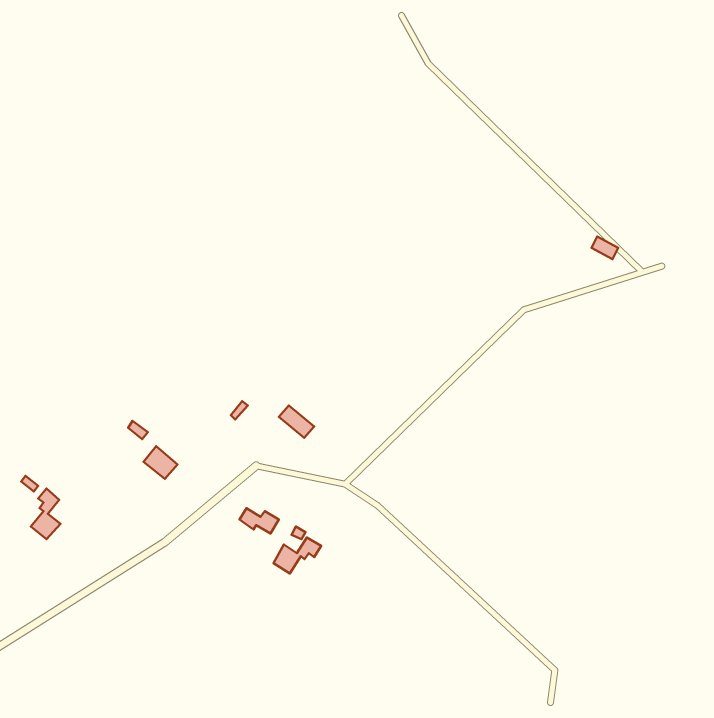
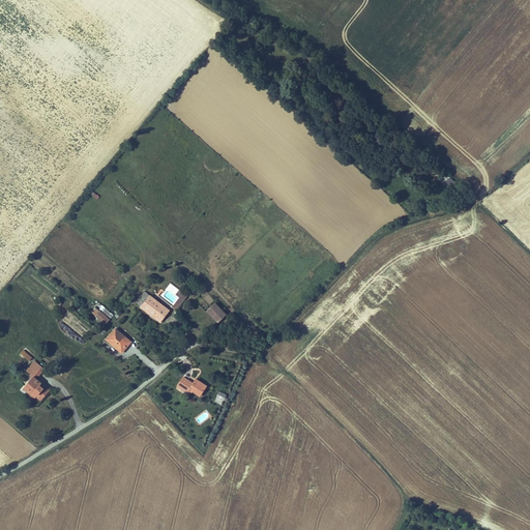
building: none -> [139,297,168,324]
building: [273,538,321,574] -> none

